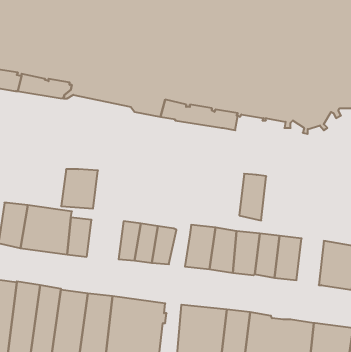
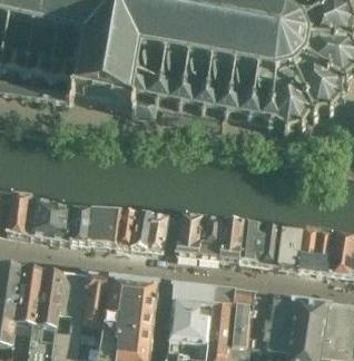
building: [61,169,98,209] -> [87,209,120,245]
building: [239,174,266,220] -> [277,226,302,269]

